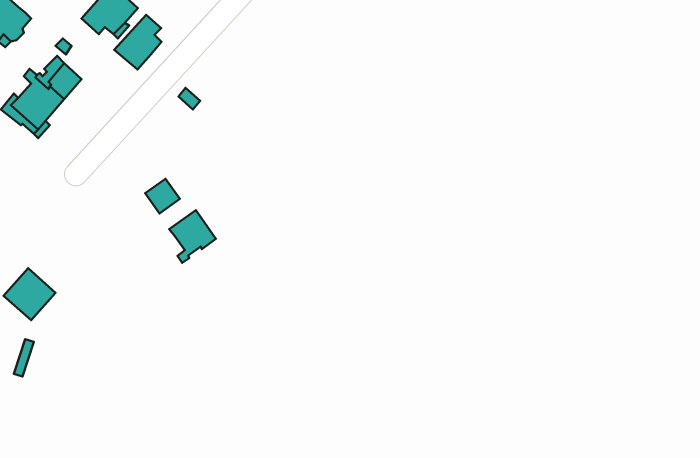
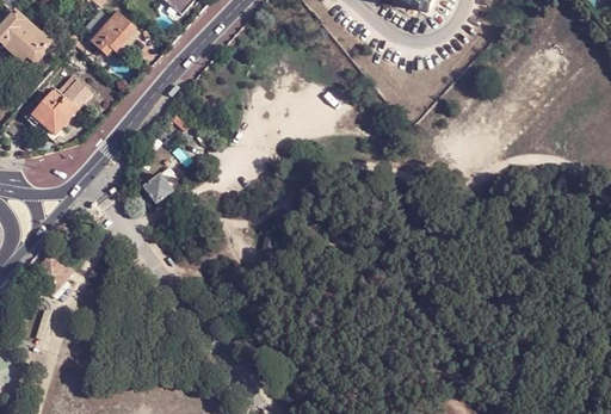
building: [114,15,161,69] -> none
building: [169,210,216,263] -> none

